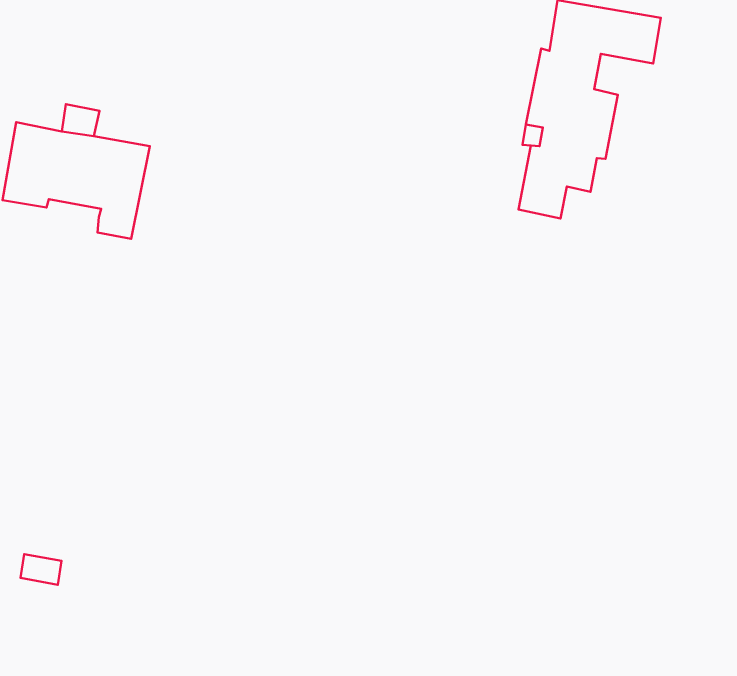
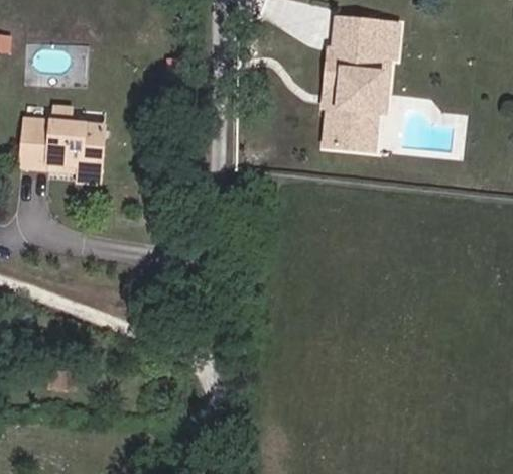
building: none -> [349,48,395,150]

